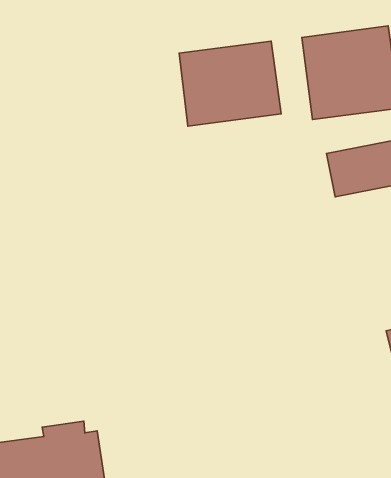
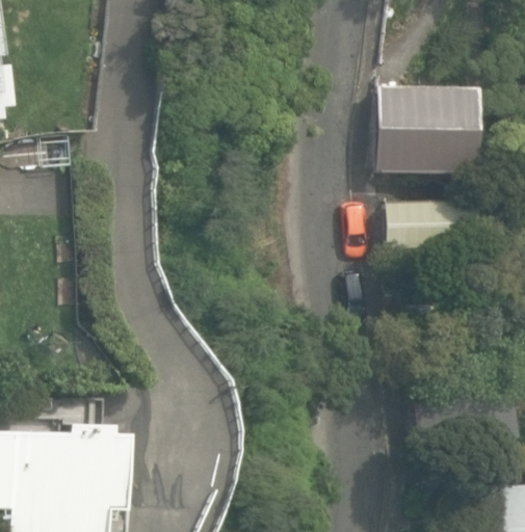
building: [179,41,281,126] -> none

